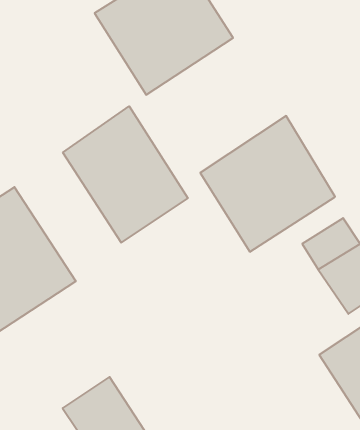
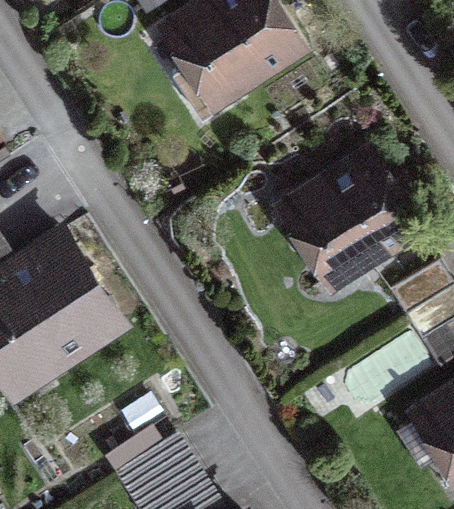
building: [63,106,188,243] -> none

